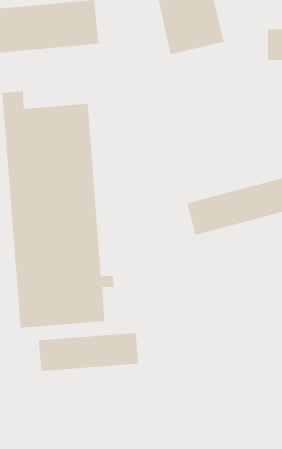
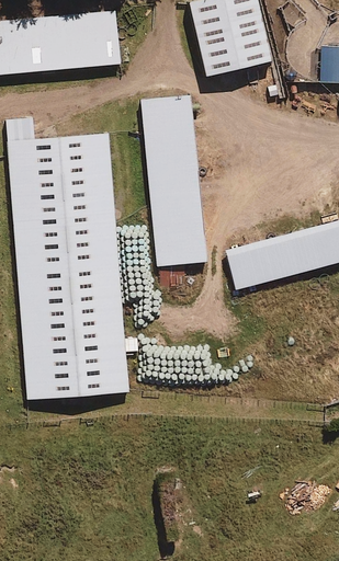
building: none -> [138,95,205,266]
building: [38,332,139,372] -> none

